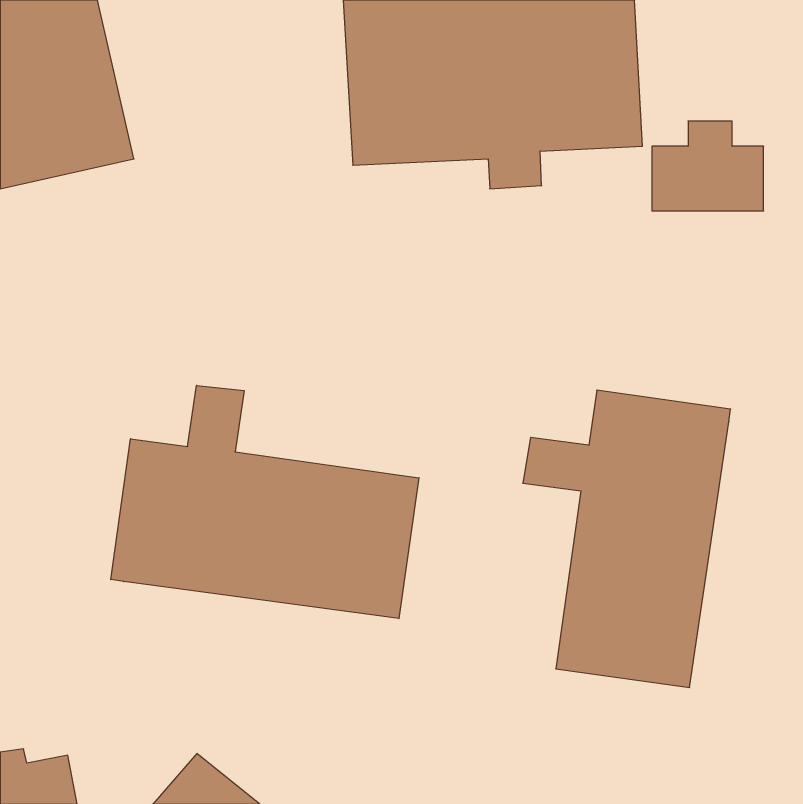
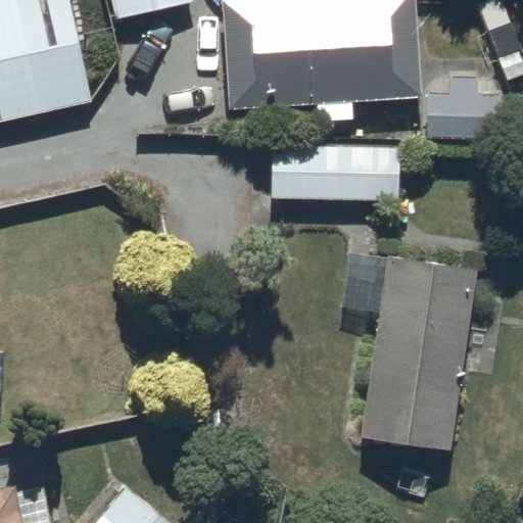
building: none -> [269,143,393,201]
building: [111,385,419,619] -> none

